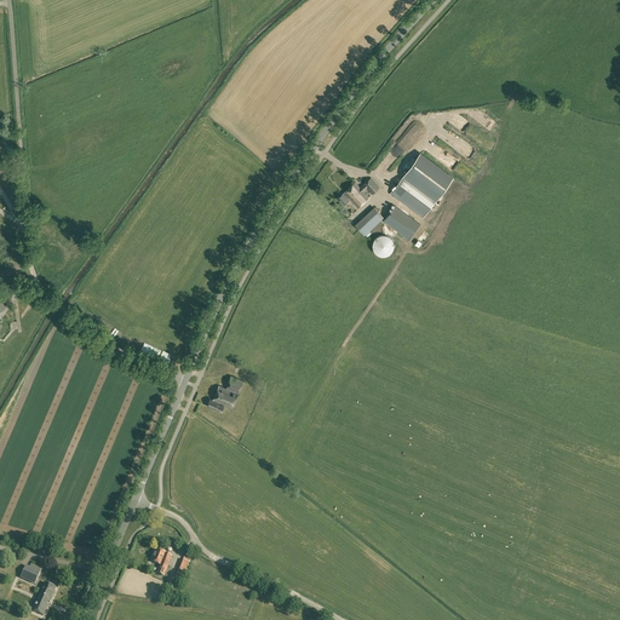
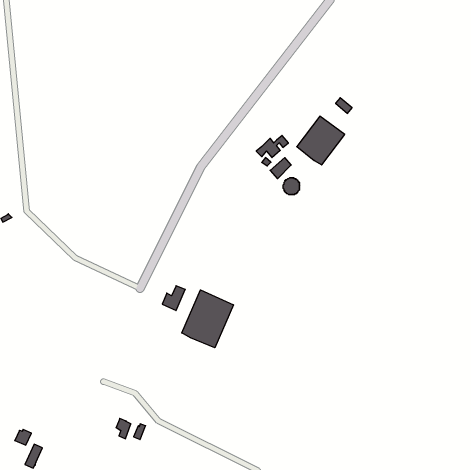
building: [384,206,419,240] -> none
building: none -> [182,290,233,348]

